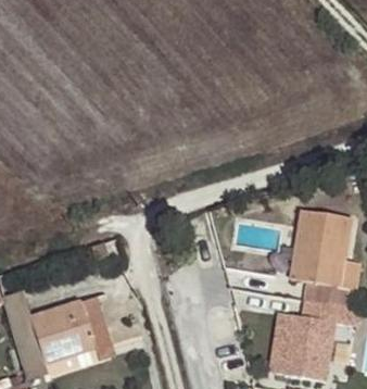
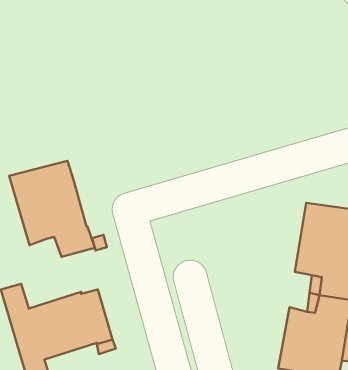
building: none -> [9,161,95,257]

